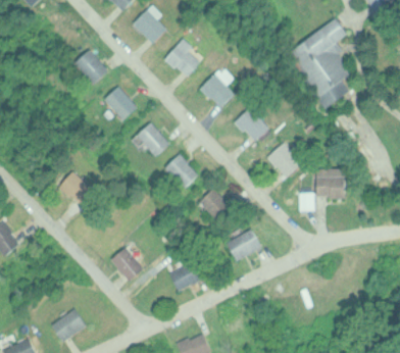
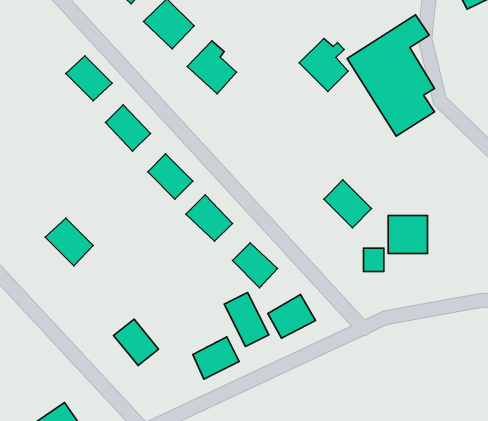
building: [198,70,235,110] -> [299,38,348,92]
building: [236,107,271,143] -> none
building: none -> [224,292,269,347]

